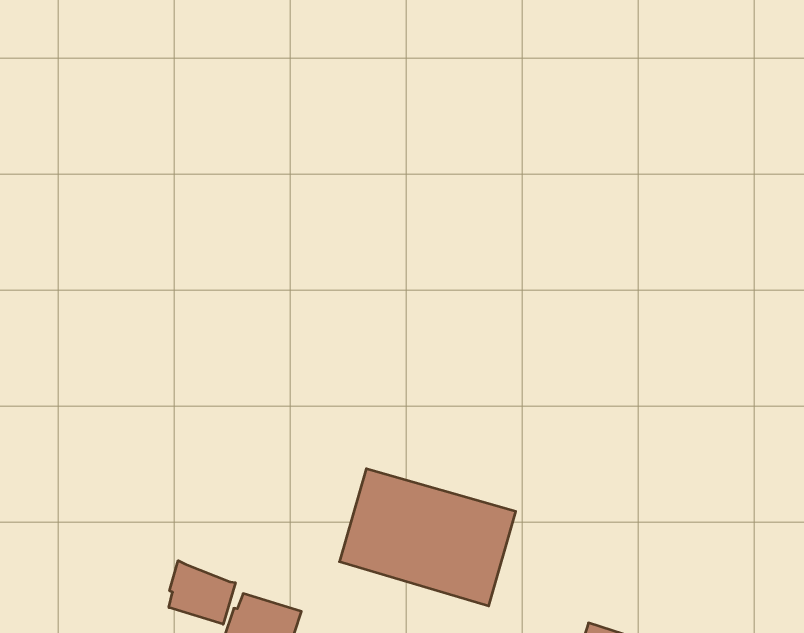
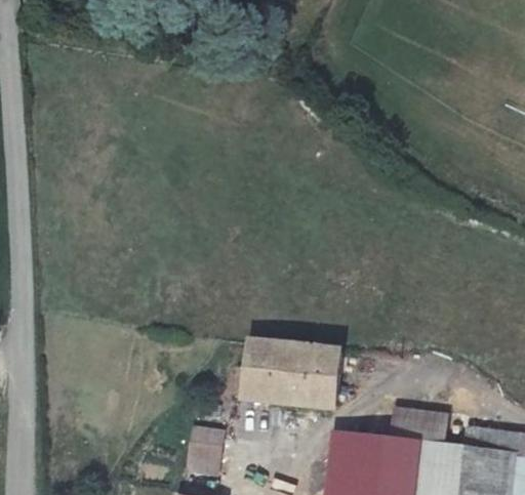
building: [169,561,235,624] -> none

